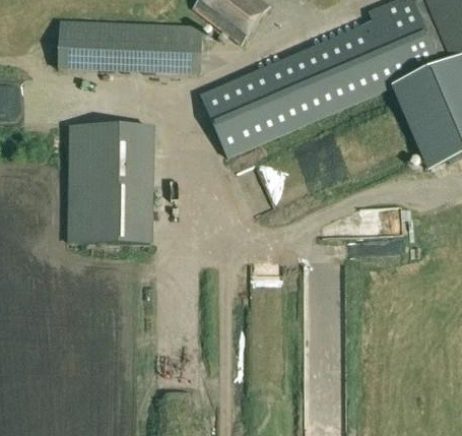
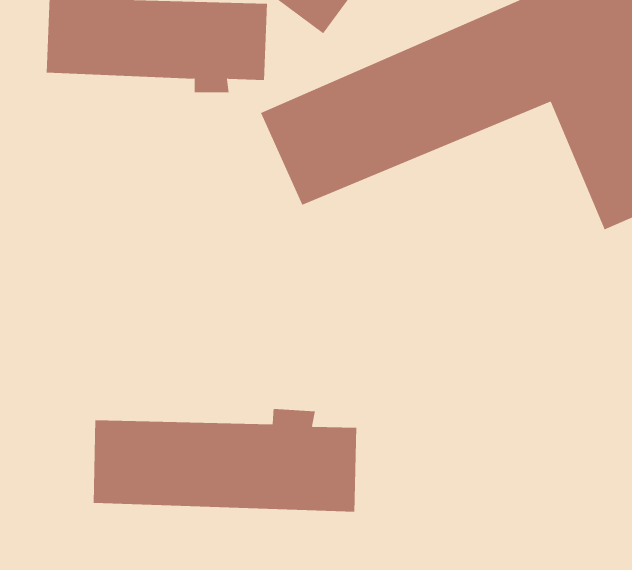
building: [71,123,156,242] -> none
building: none -> [93,408,357,513]

